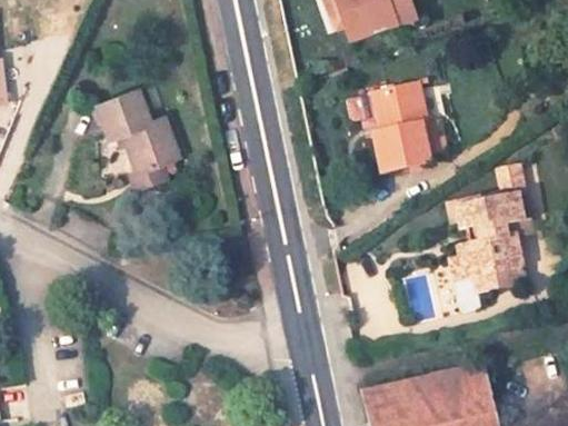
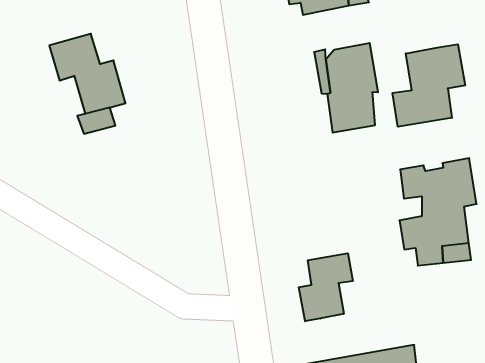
building: none -> [393,44,465,127]
building: none -> [299,253,353,321]

